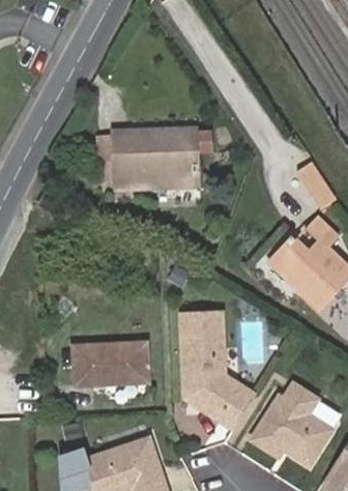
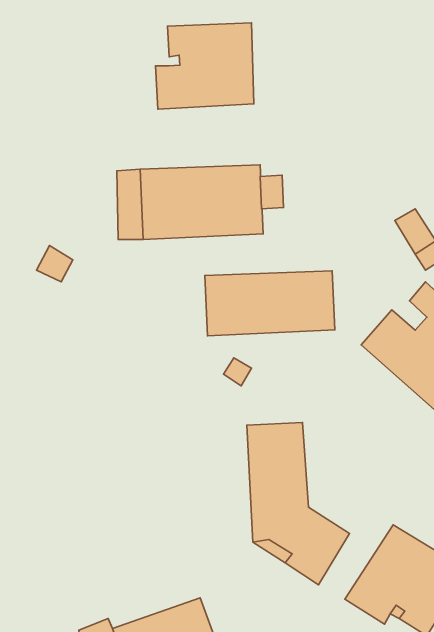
building: none -> [156,23,254,109]
building: none -> [205,271,335,336]
building: [67,350,142,392] -> none

